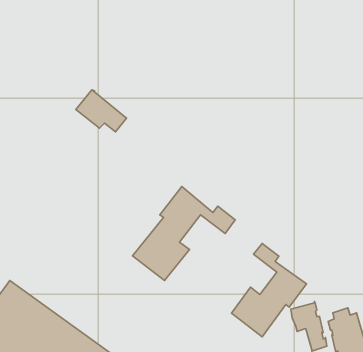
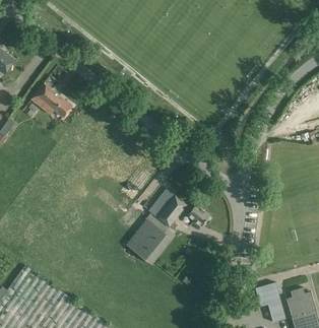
building: [76,90,127,132] -> [29,82,71,117]
building: [232,243,307,337] -> none

